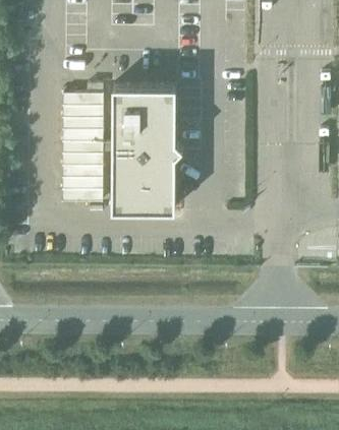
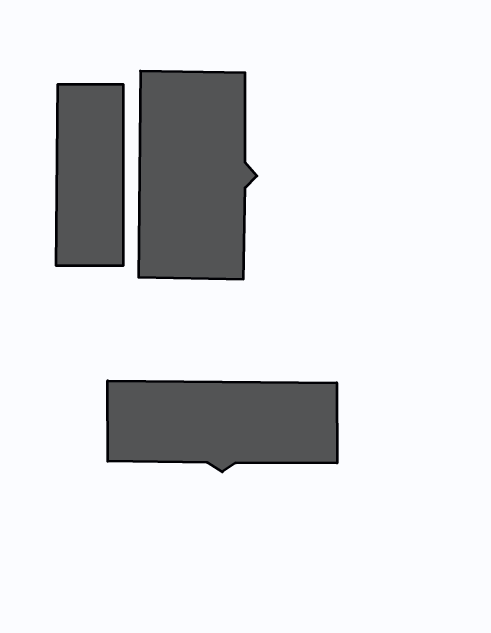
building: none -> [108,381,337,472]

